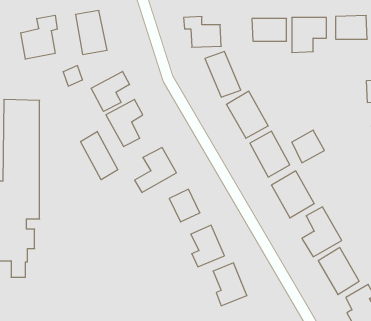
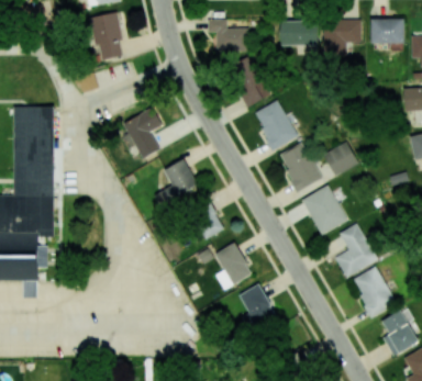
building: [21,15,57,59] -> none
building: [91,71,130,111] -> none
building: [81,131,118,180] -> none

